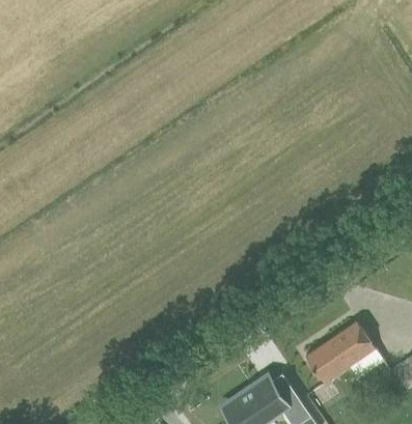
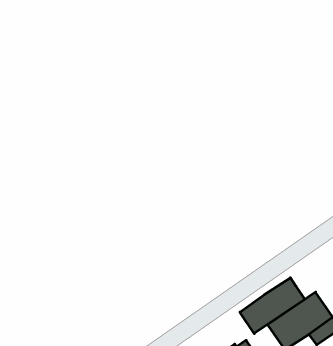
building: none -> [240,278,305,334]

